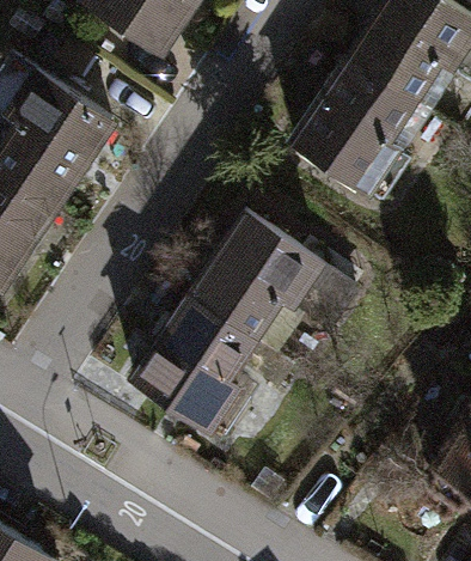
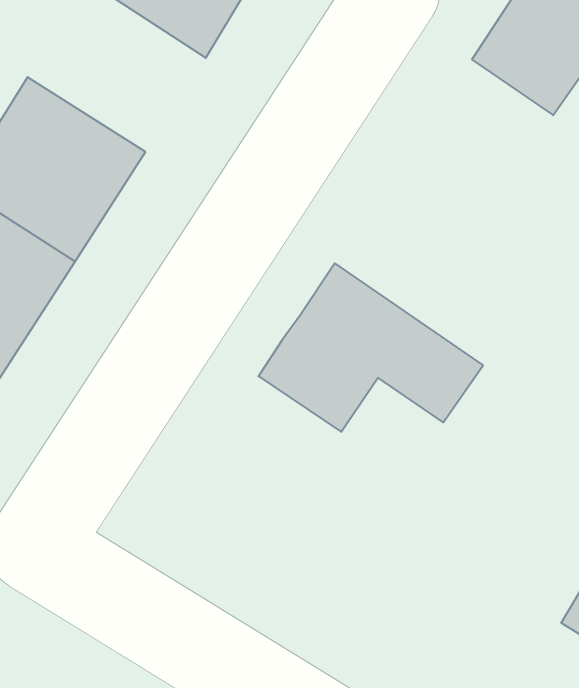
building: [300,51,418,185] -> none
building: [140,289,259,433] -> none

